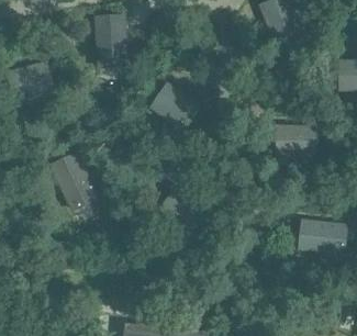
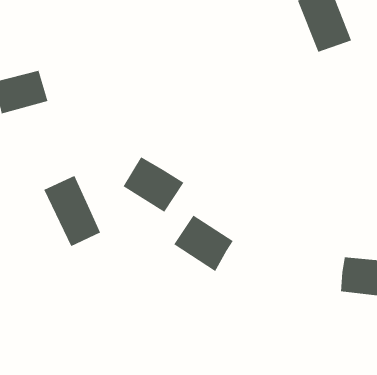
building: [96,15,126,67] -> none
building: [149,79,201,126] -> [123,156,184,213]
building: [272,121,316,154] -> none

